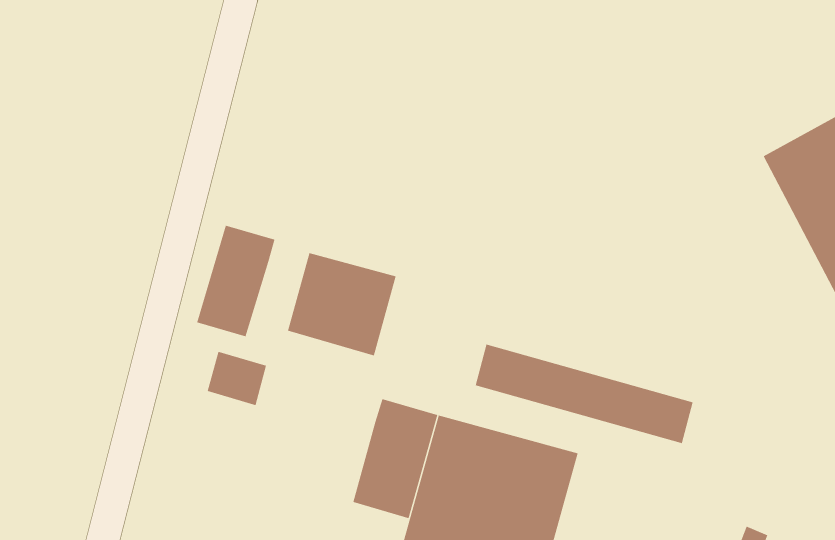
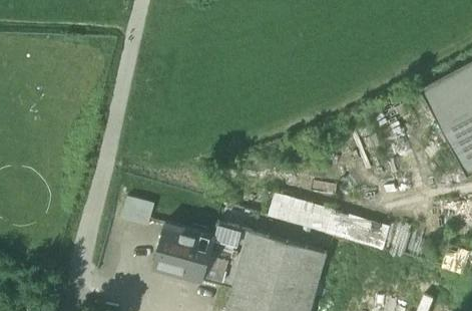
building: [196,225,275,337] -> none
building: [287,252,396,356] -> [154,223,214,280]

